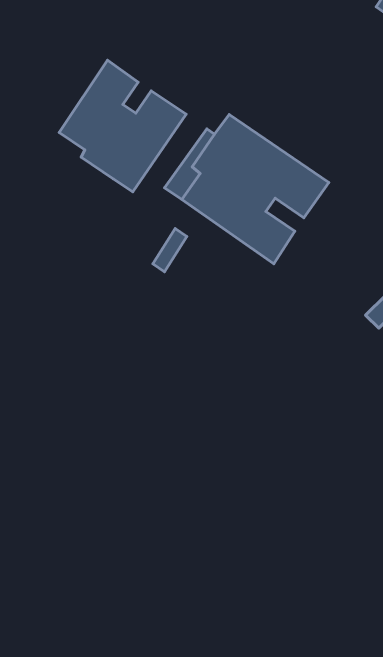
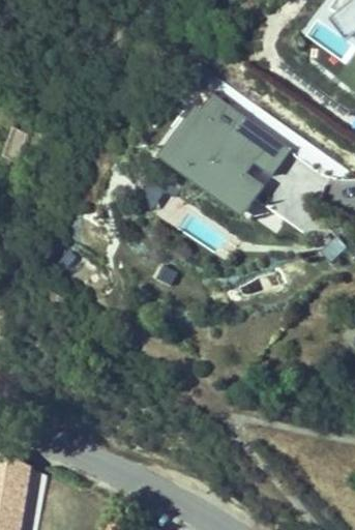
building: [59,60,186,192] -> none

